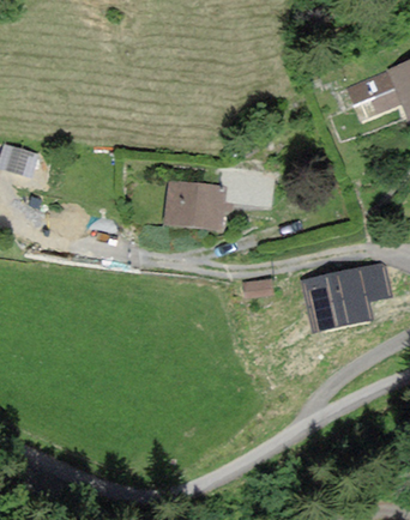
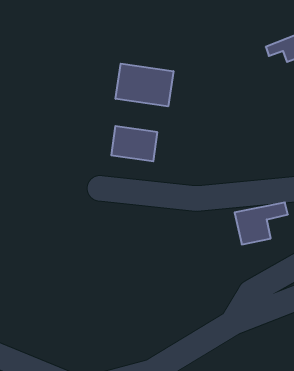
building: none -> [116,64,173,106]

